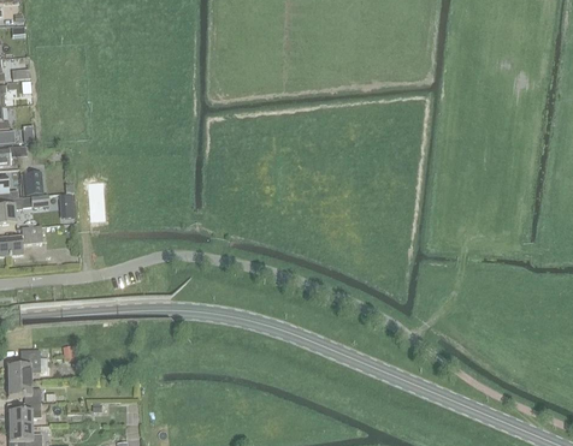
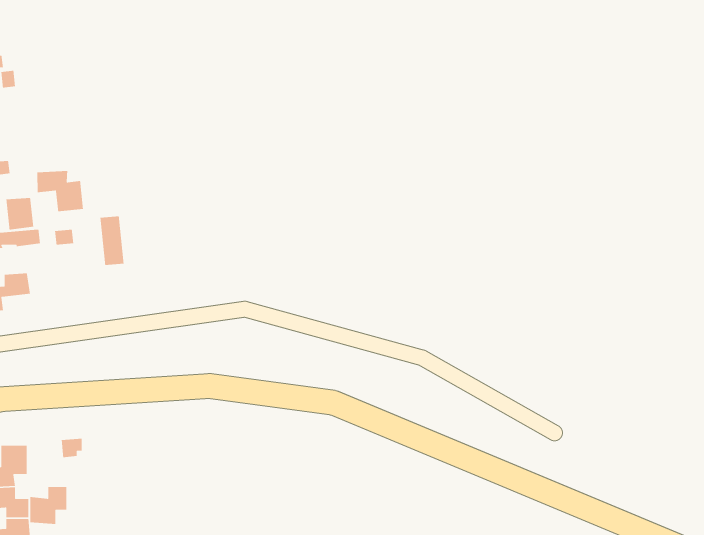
building: none -> [36,170,84,212]
building: none -> [29,486,67,525]

